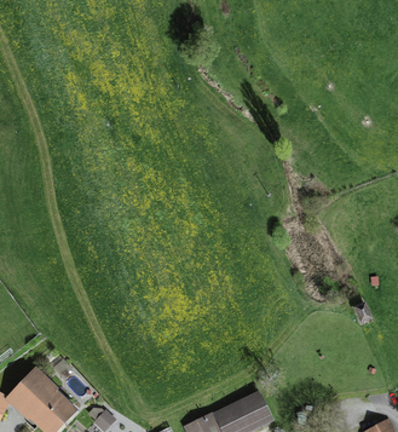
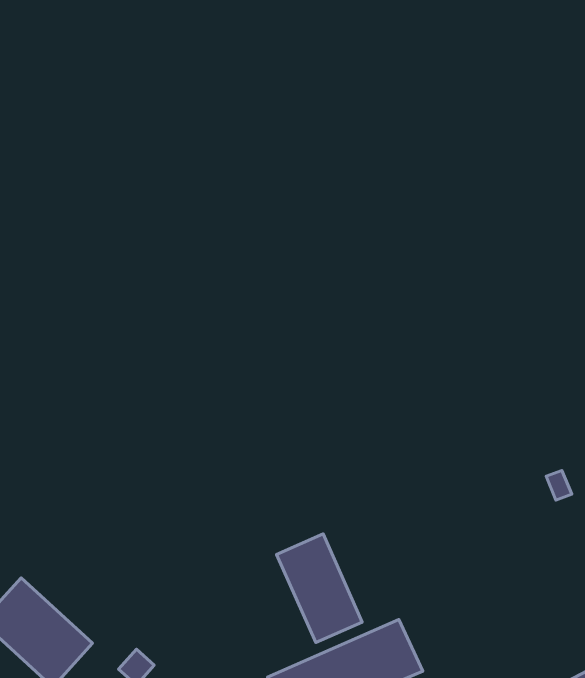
building: none -> [276,534,362,643]

